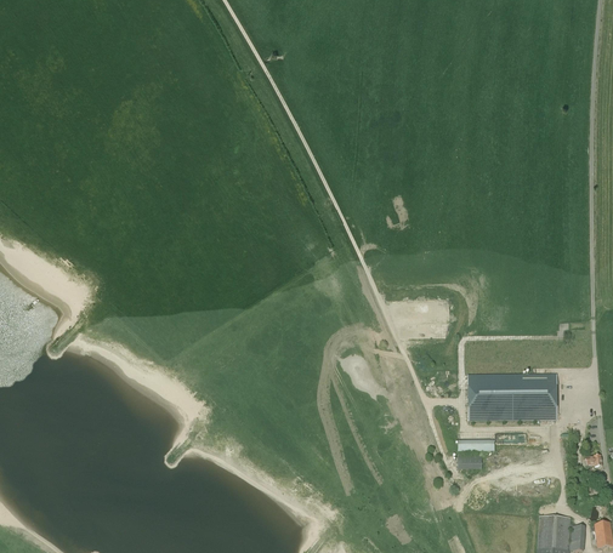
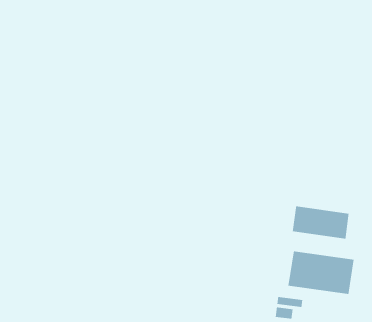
building: none -> [292,205,349,240]

